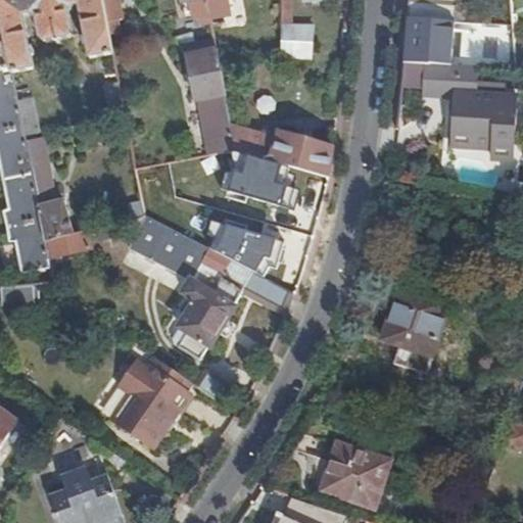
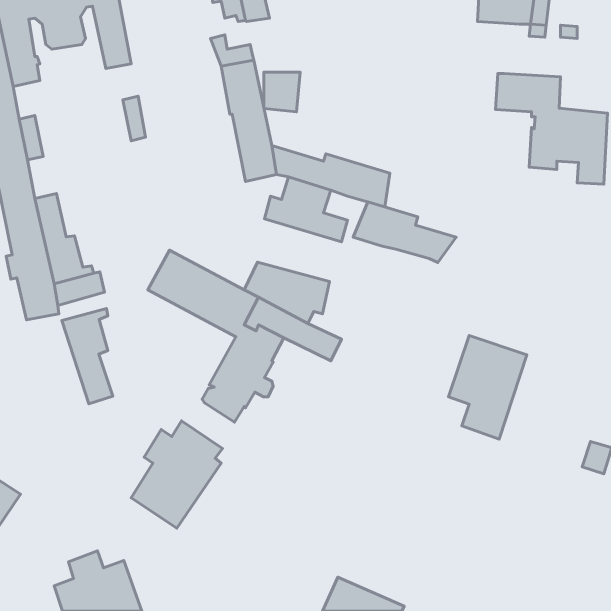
building: [402,18,441,62] -> none
building: [280,25,311,58] -> [264,72,300,112]
building: none -> [353,202,456,263]
building: none -> [62,308,113,404]
building: [323,443,388,507] -> none

